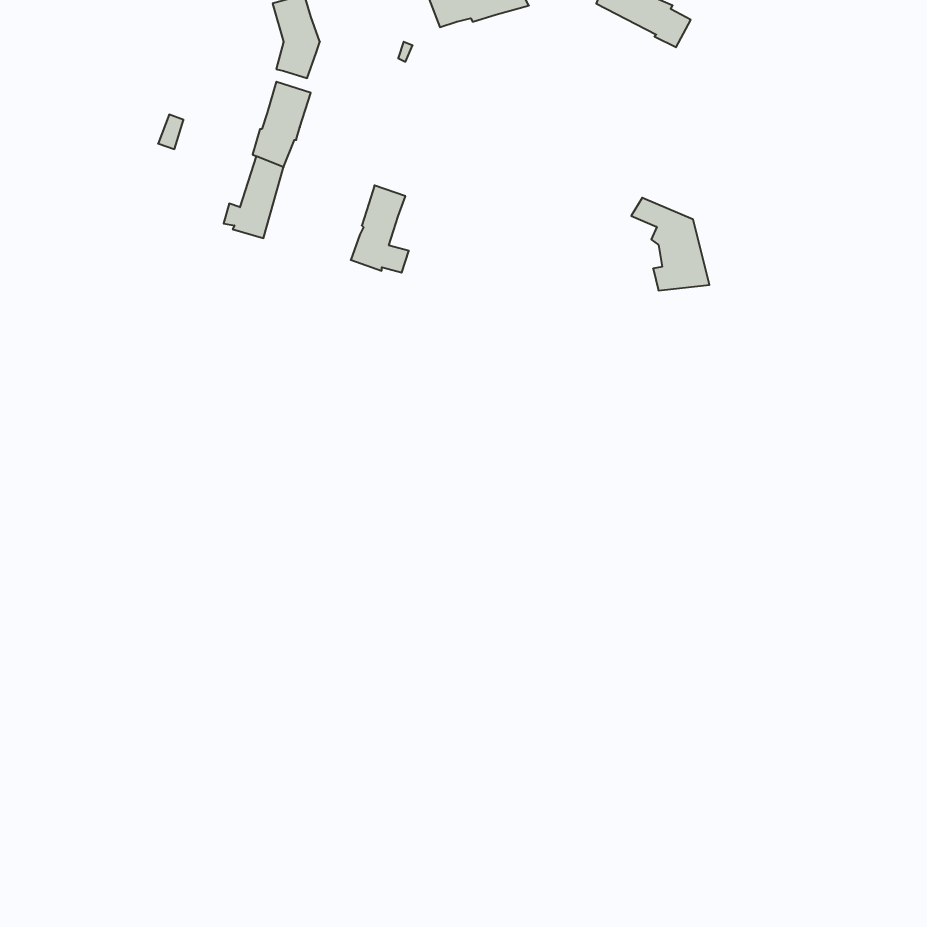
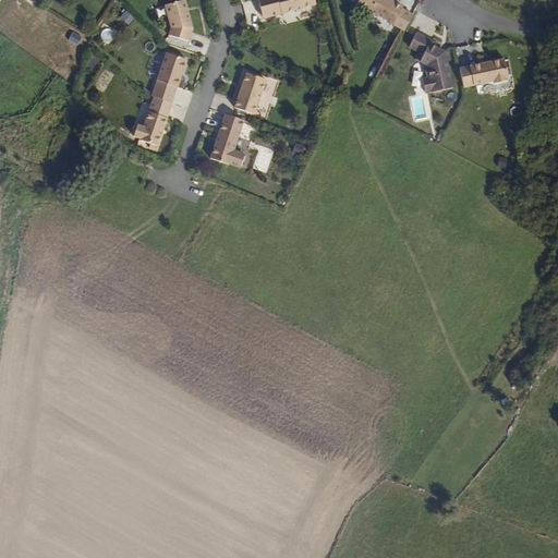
building: none -> [459,58,509,87]
building: none -> [233,69,266,111]
building: [631,198,709,290] -> [408,36,454,92]

